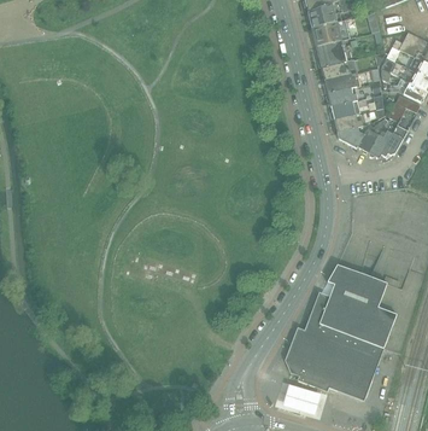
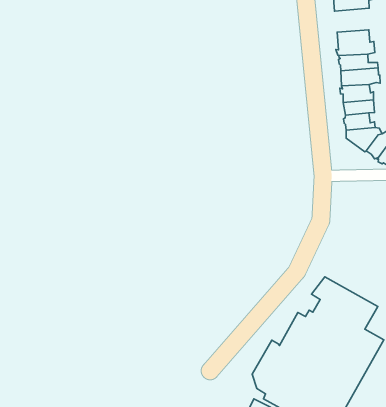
building: [311,21,350,46] -> none

